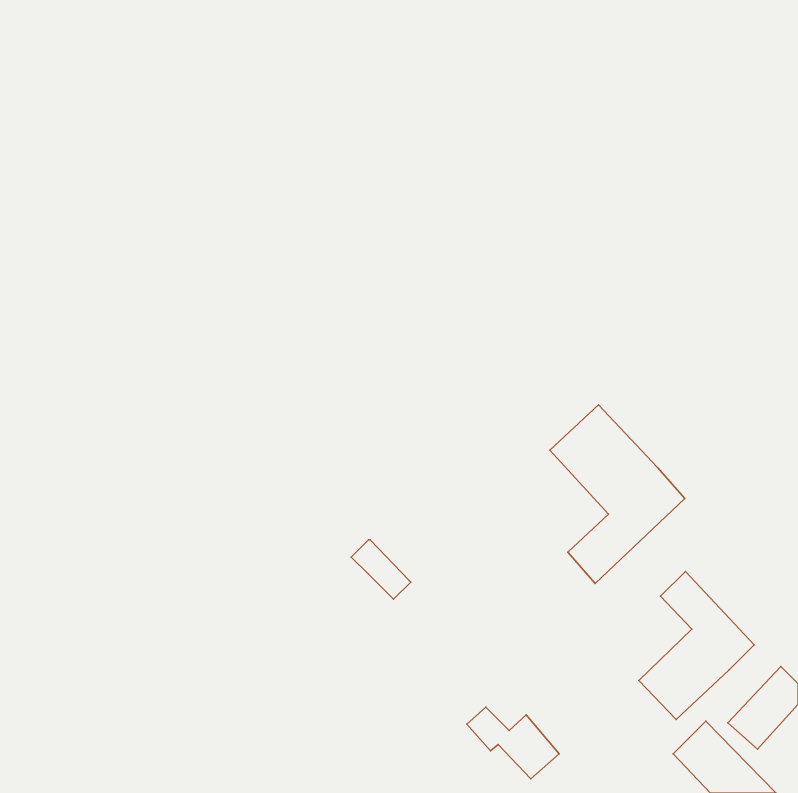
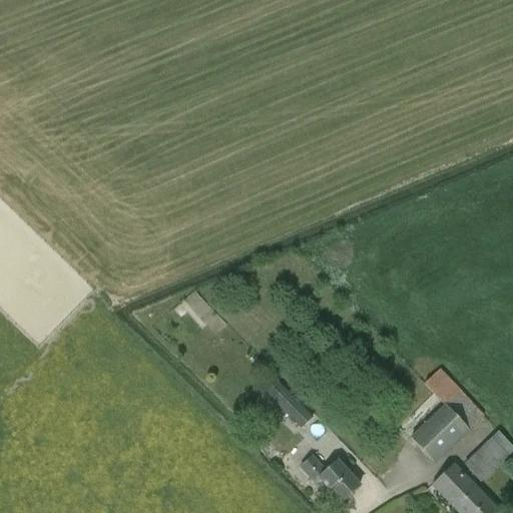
building: [550,405,685,583] -> none
building: [351,540,411,599] -> [274,387,312,425]

